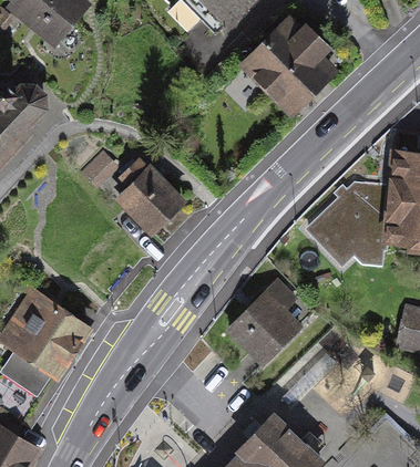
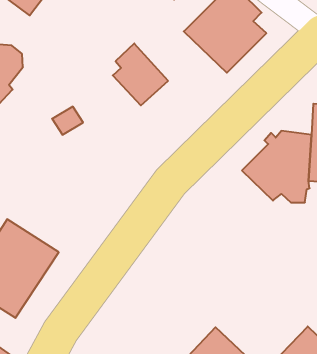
building: [116,164,182,237] -> [113,43,168,105]
building: [228,276,316,366] -> none

